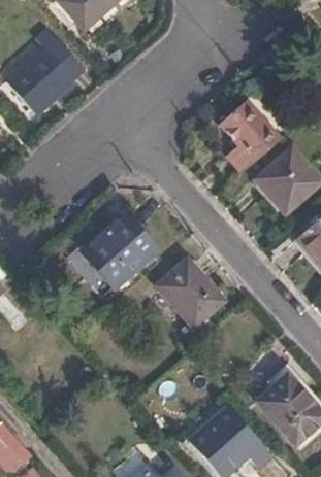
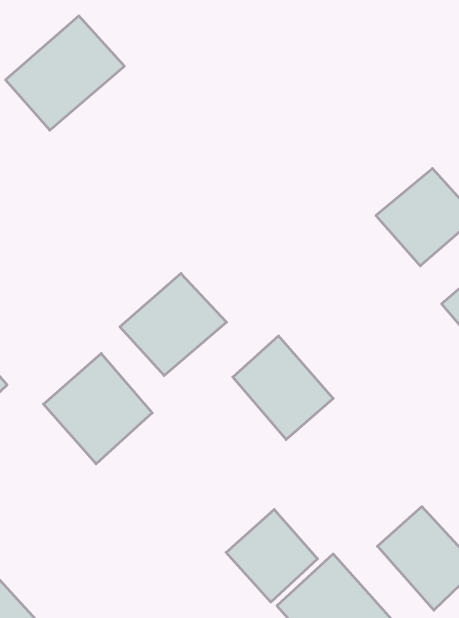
building: [221,96,285,171] -> none
building: none -> [43,353,152,464]
building: none -> [226,509,318,602]

